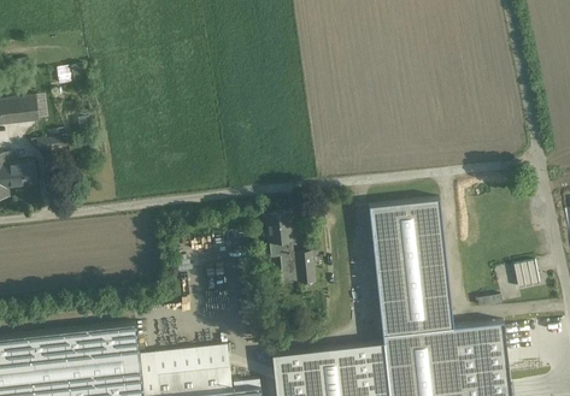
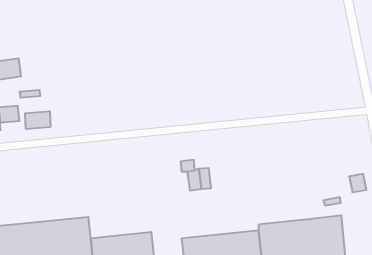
building: none -> [25,111,50,129]
building: [368,200,452,336] -> none
building: [265,214,292,244] -> none

